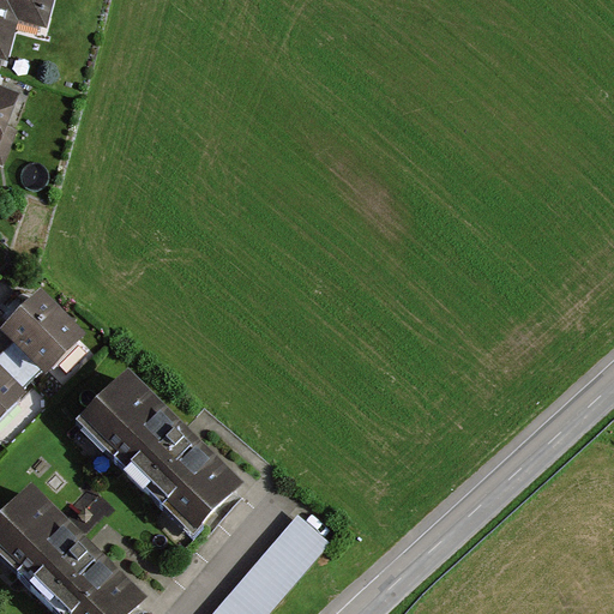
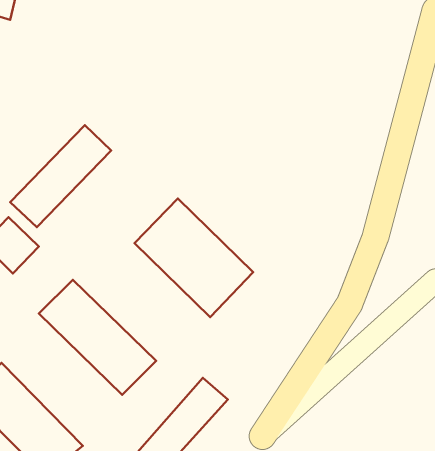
building: none -> [10,125,111,227]
building: none -> [135,198,253,317]

